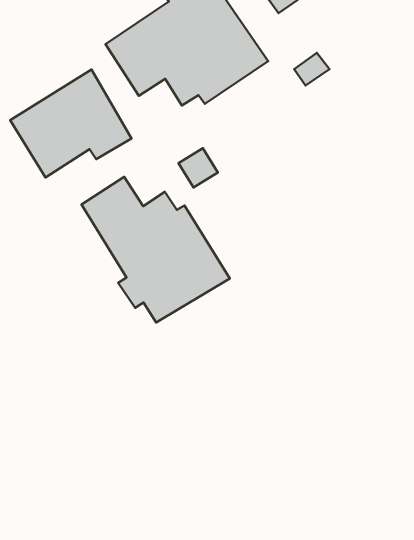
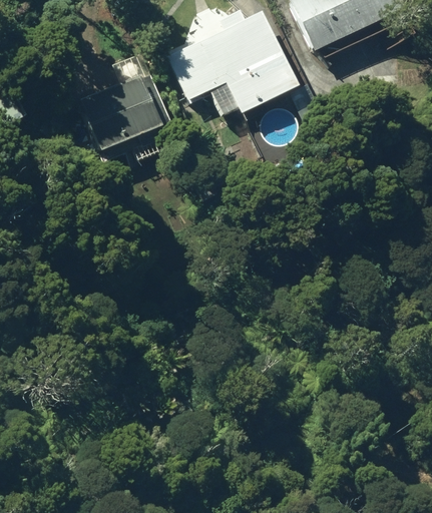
building: [81,177,230,323] -> none

